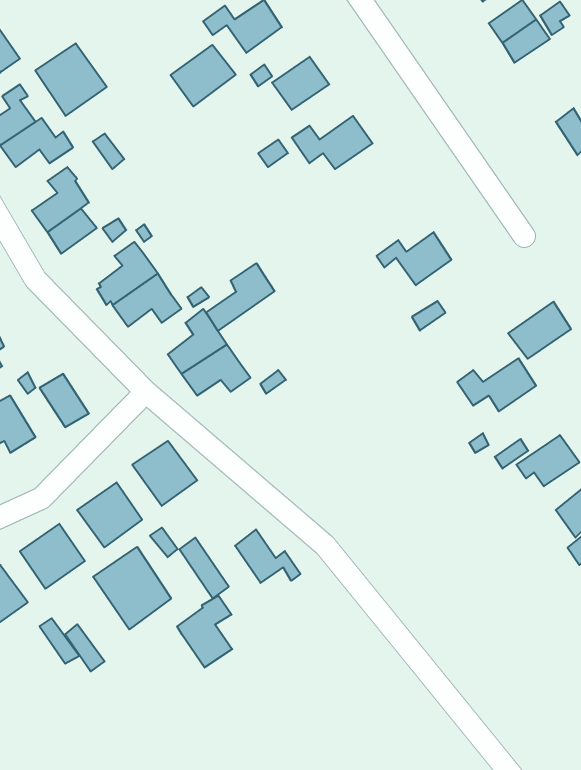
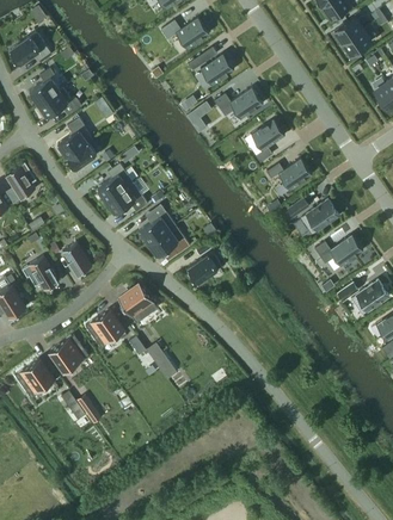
building: [35,43,107,116] -> none
building: [171,45,236,106] -> none
building: none -> [250,118,284,162]
building: [206,263,275,331] -> none
building: [508,302,571,359] -> [300,199,338,234]
building: none -> [186,253,221,284]
building: [235,529,300,583] -> none
building: [93,547,171,629] -> none
building: [177,595,232,668] -> none

